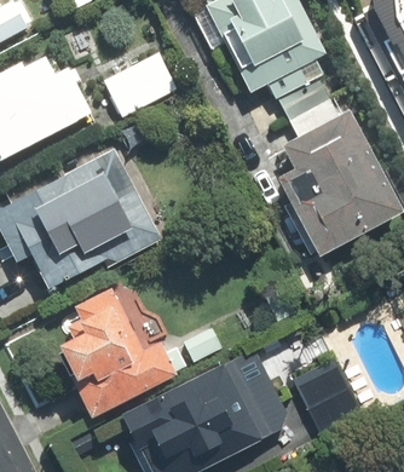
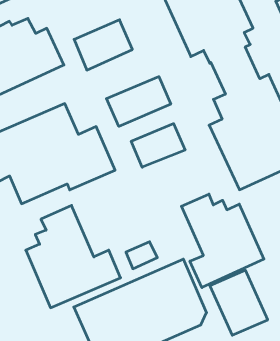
building: none -> [106,77,171,126]
building: none -> [131,124,185,167]
building: none -> [181,194,264,288]

